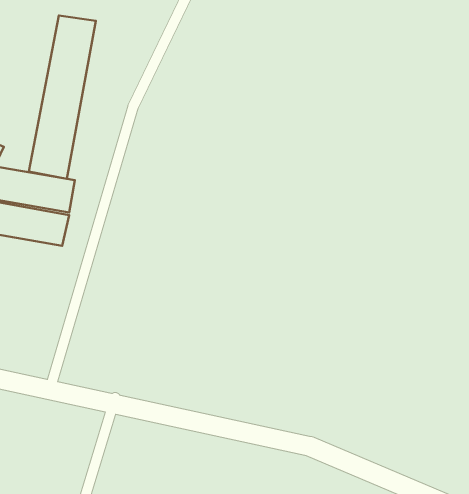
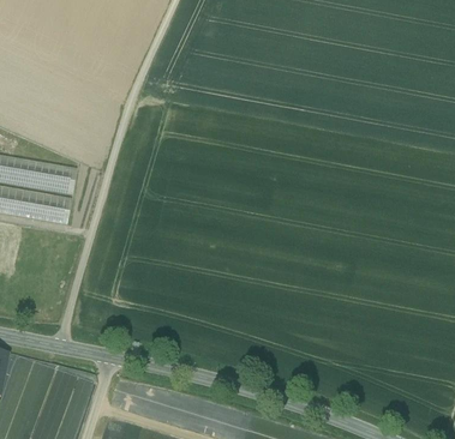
building: [29,16,96,179] -> none

